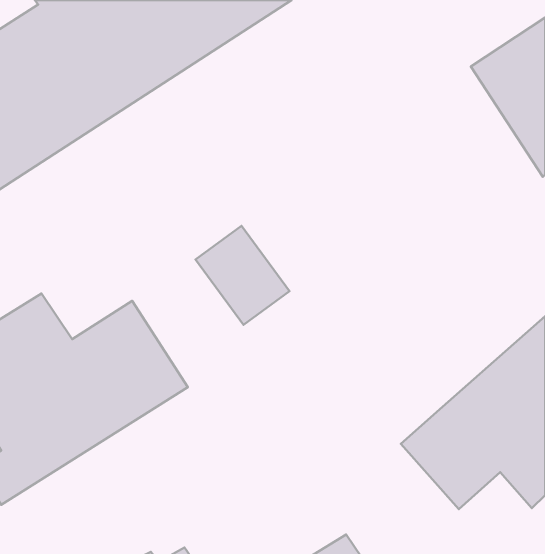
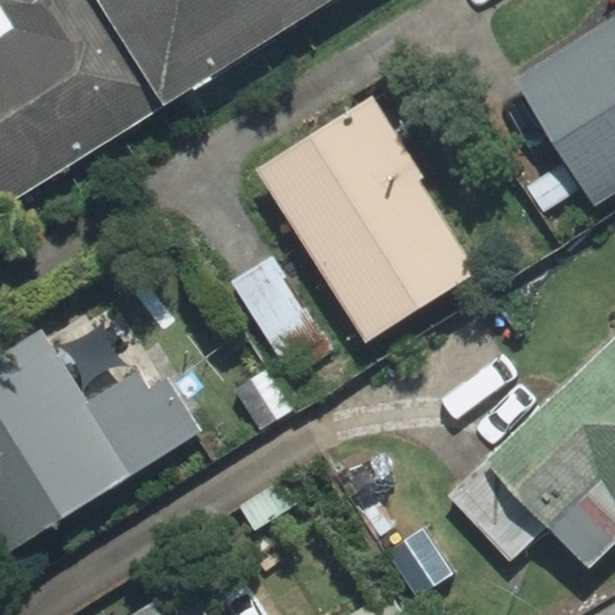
building: none -> [257,92,482,342]

